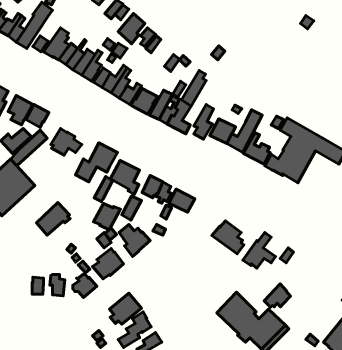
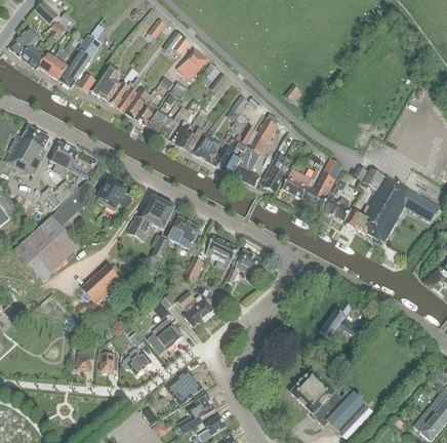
building: [94,203,120,230] -> none
building: [212,221,244,254] -> none
building: [264,284,291,307] -> none

